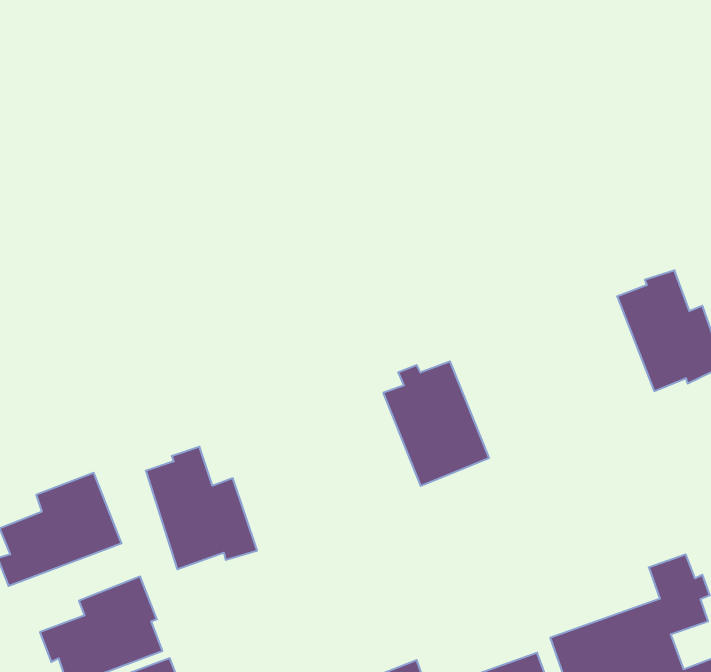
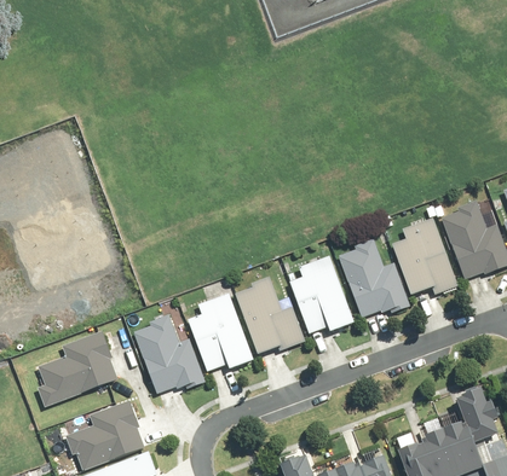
building: none -> [390,217,459,296]
building: none -> [338,238,407,317]
building: none -> [235,277,305,354]
building: none -> [186,292,254,371]

